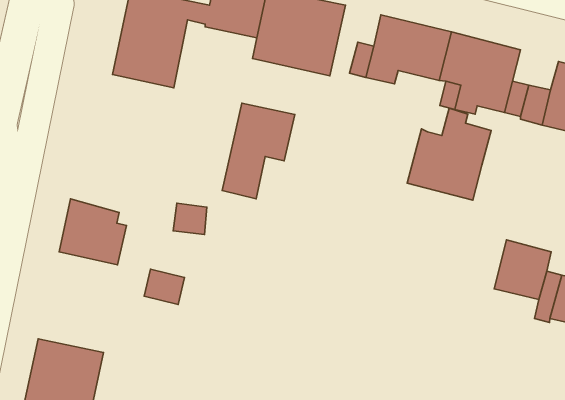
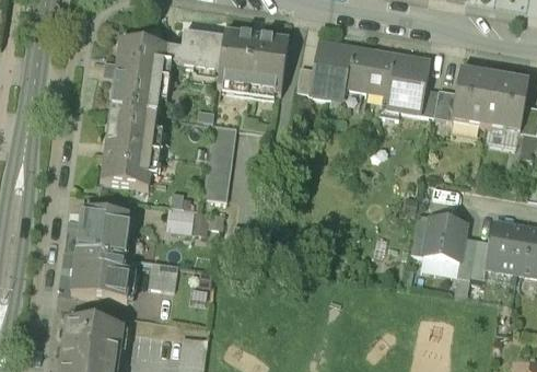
building: none -> [101,107,159,187]
building: [407,108,491,200] -> none
building: none -> [71,251,131,302]

